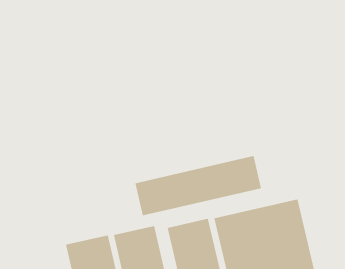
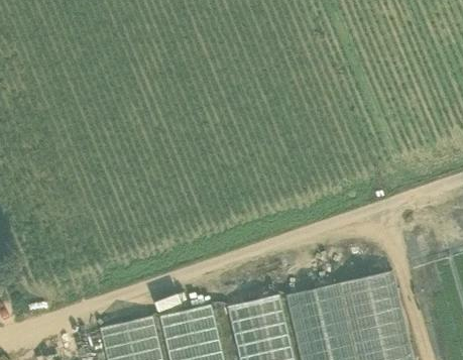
building: [135,155,262,216] -> none

